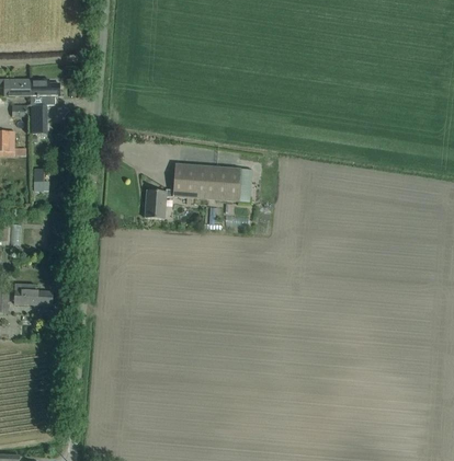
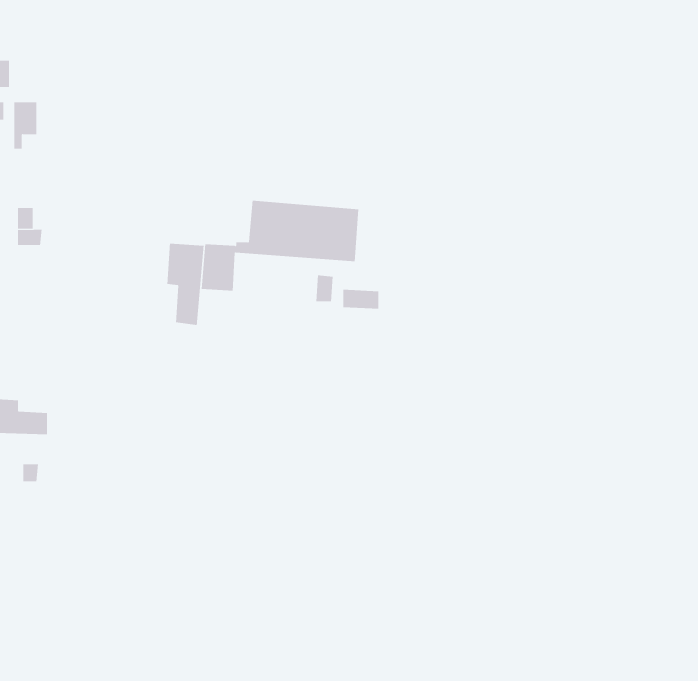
building: [30,79,59,104] -> none
building: none -> [167,243,204,326]

